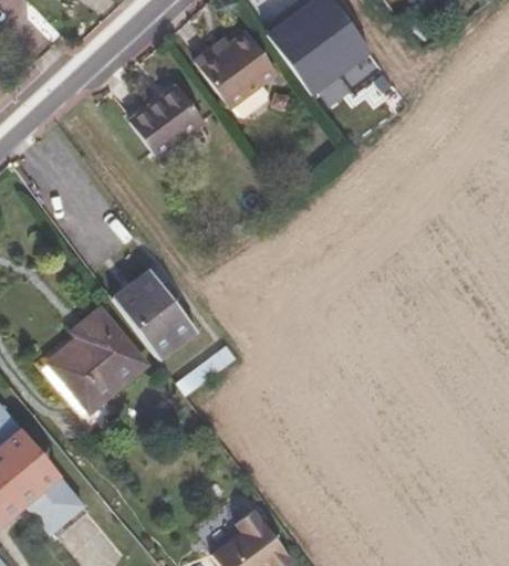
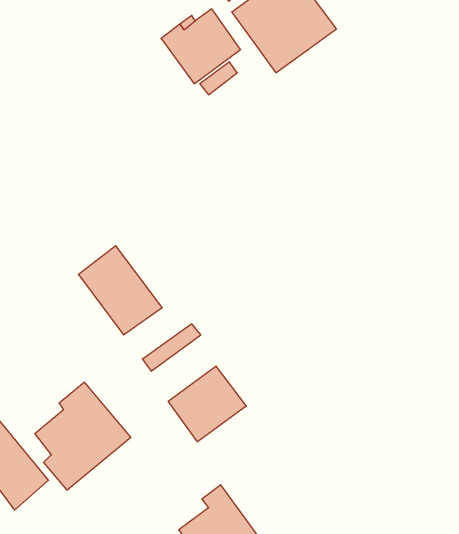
building: [129,85,204,156] -> none
building: [48,308,144,417] -> [35,382,131,490]
building: none -> [168,366,246,442]

